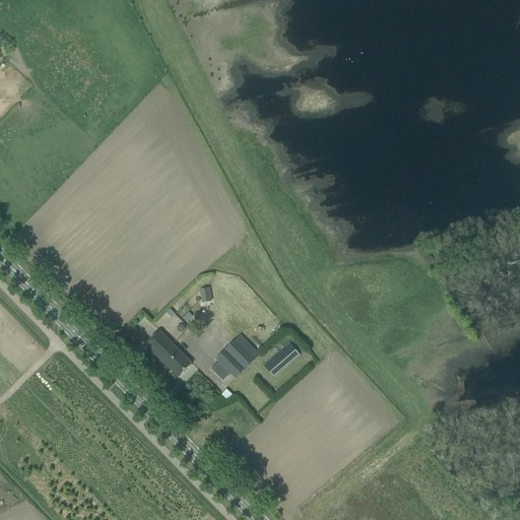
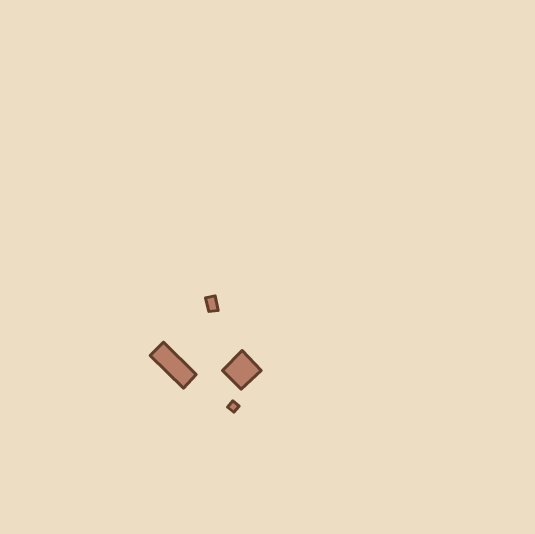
building: [263,342,298,375] -> none

